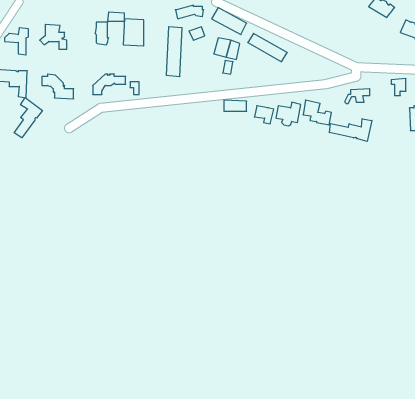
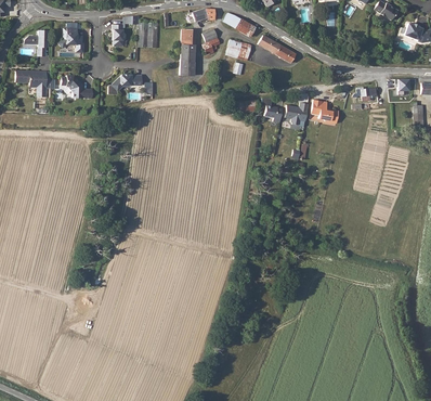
building: [14,98,42,138] -> none
building: [329,119,372,141] -> none

